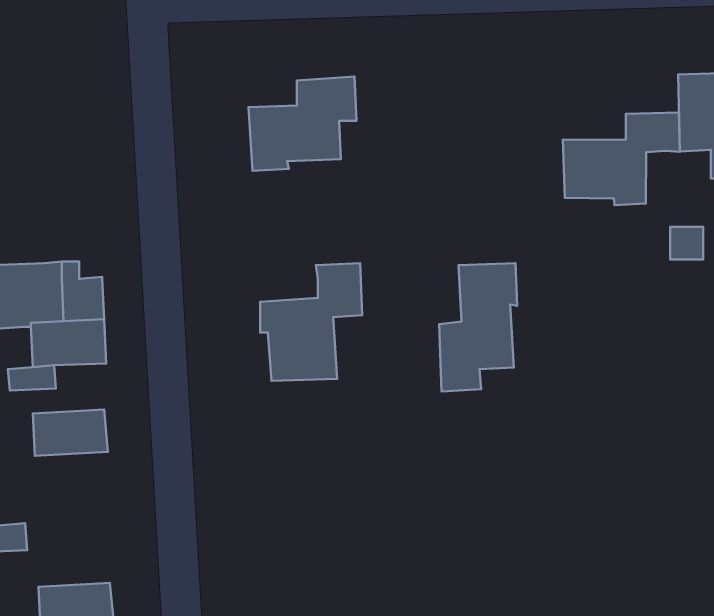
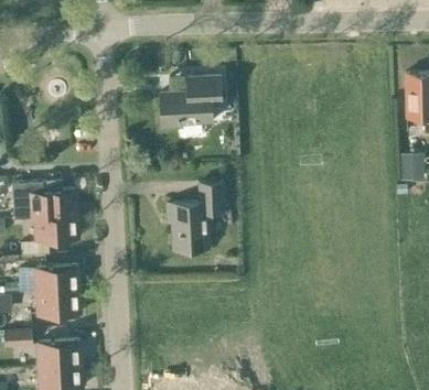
building: [563,113,680,205] -> none
building: [439,263,517,392] -> none
building: none -> [36,290,79,316]
building: none -> [36,340,79,367]

